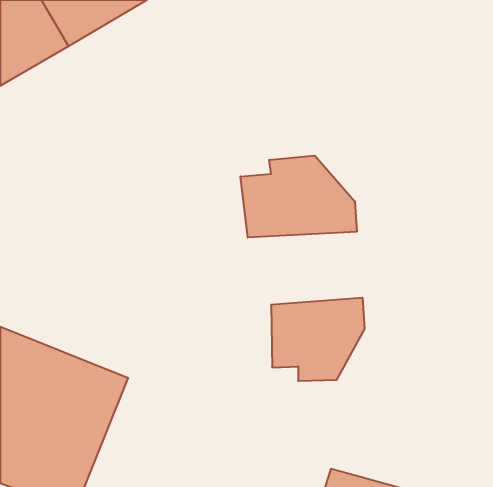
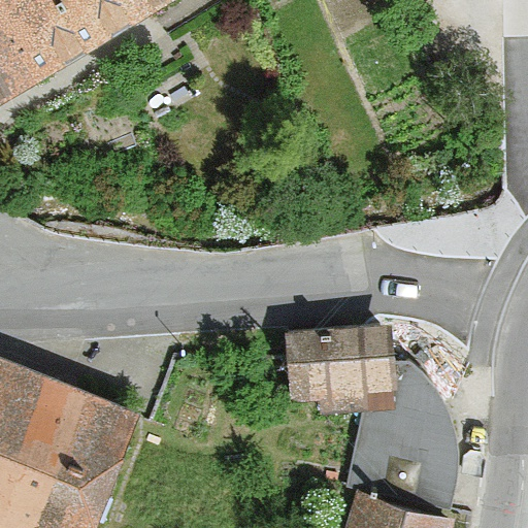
building: [240,156,357,238] -> none
building: none -> [340,358,454,521]

